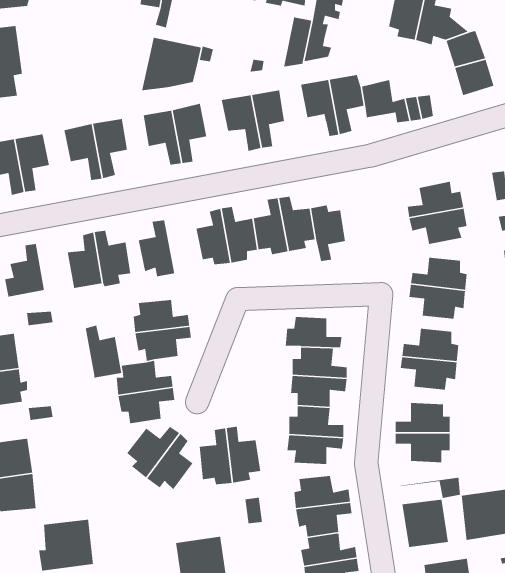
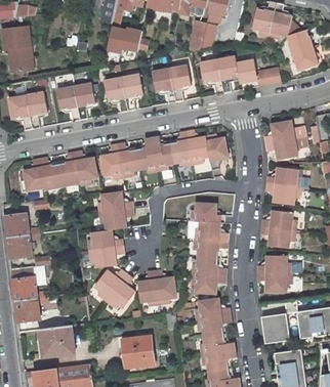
building: none -> [117,142,139,177]
building: [85,324,122,379] -> [39,157,61,189]

